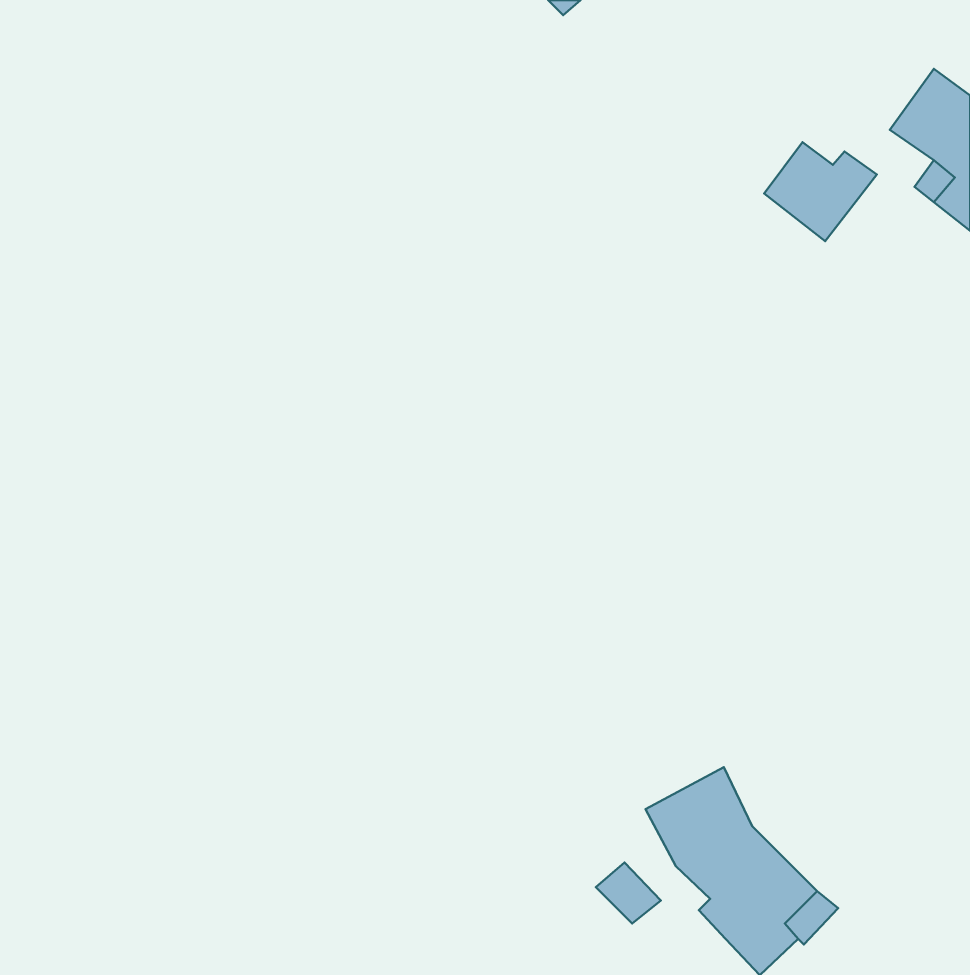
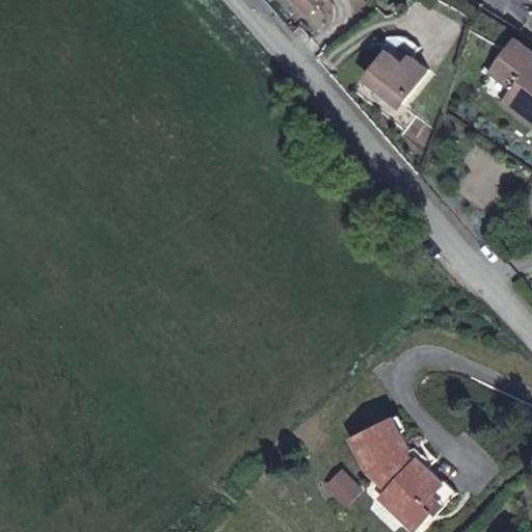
building: [764,142,877,241] -> [364,49,425,103]

